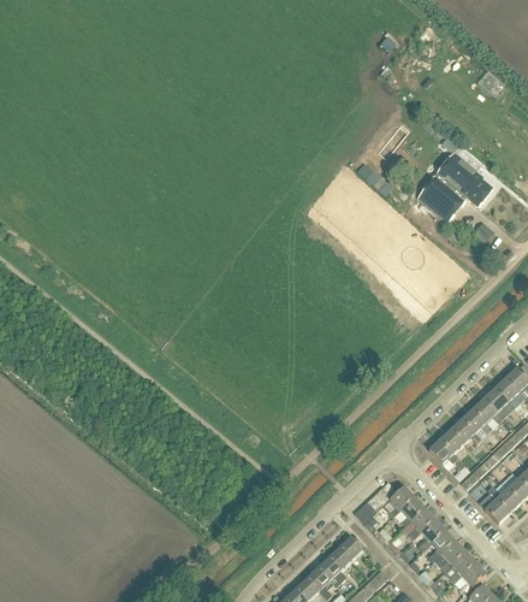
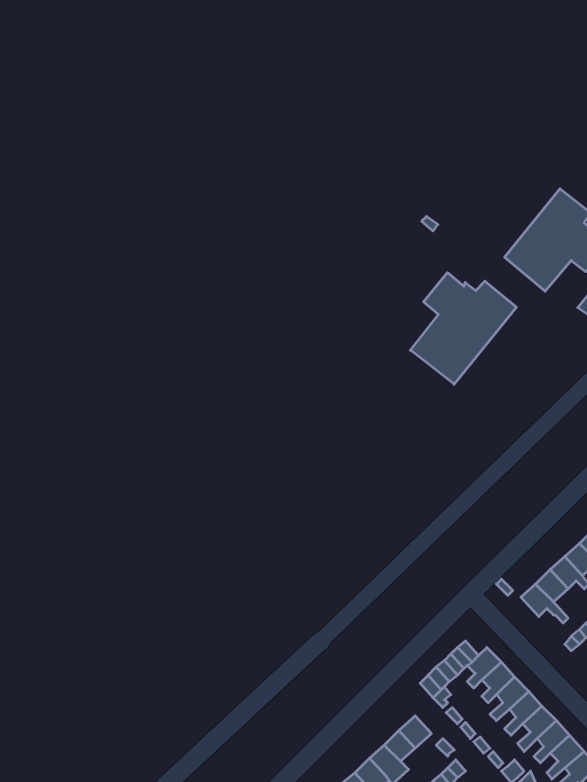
building: none -> [410,273,516,384]

